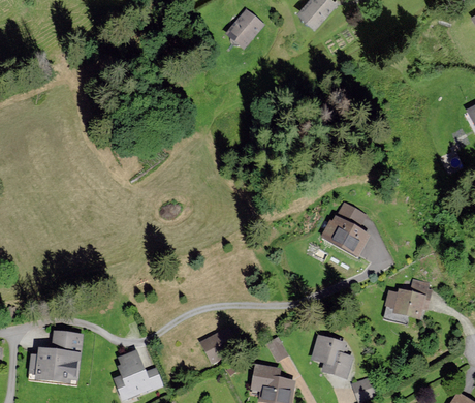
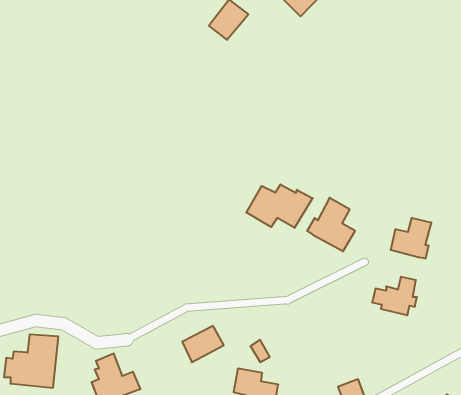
building: none -> [246,184,313,228]
building: none -> [391,218,431,259]
building: [312,337,352,378] -> none

